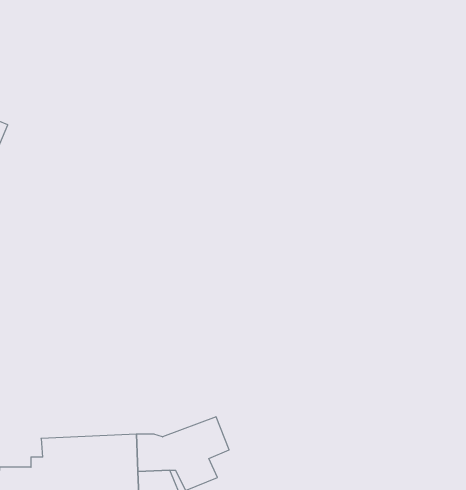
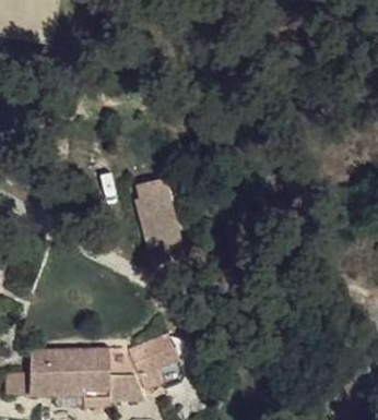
building: none -> [138,190,182,249]

